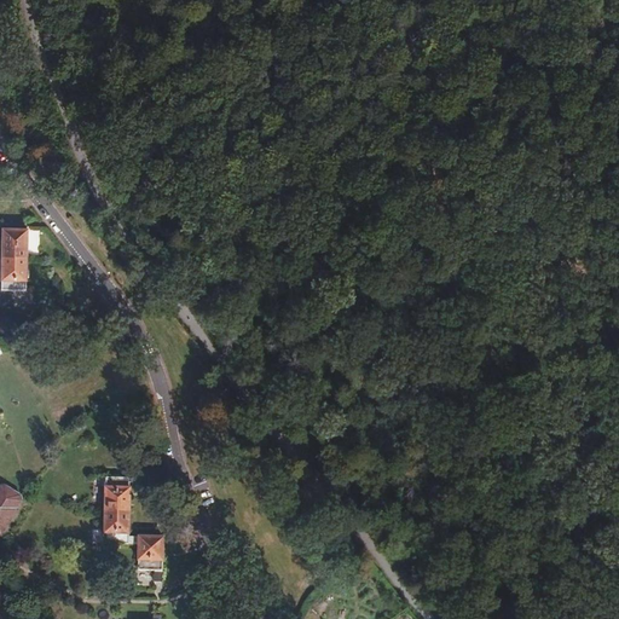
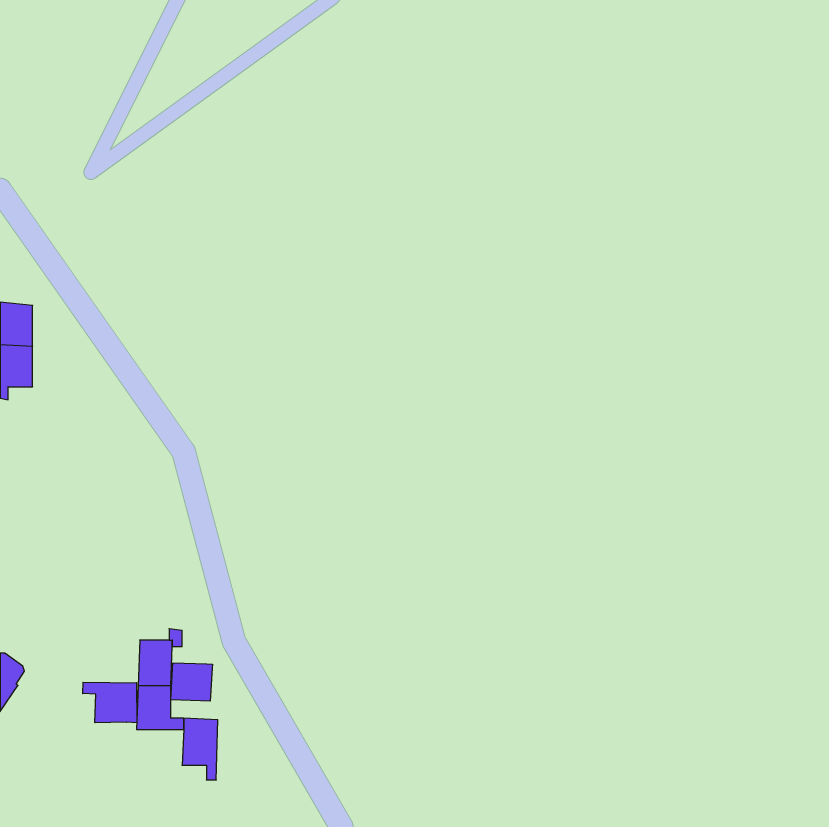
building: none -> [171,663,212,701]
building: none -> [83,682,137,723]

